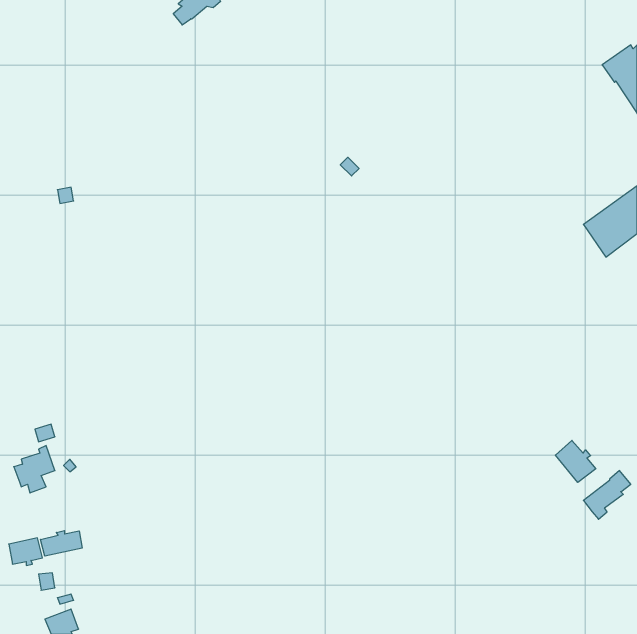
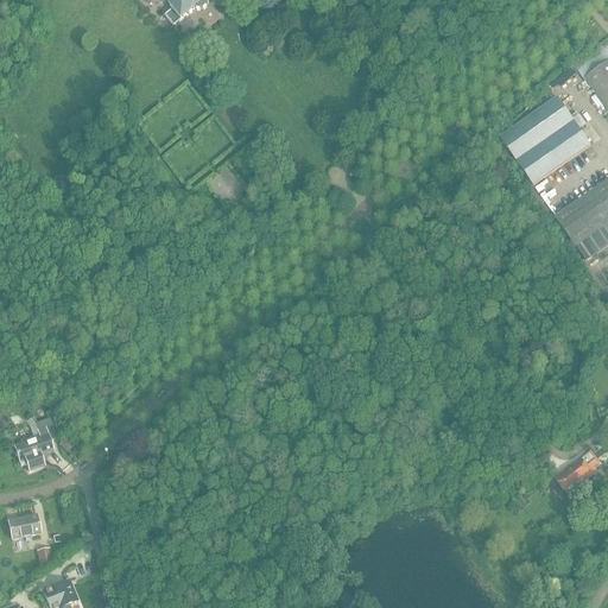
building: none -> [500,95,591,183]
building: [555,440,596,482] -> none
building: [41,531,82,556] -> none

